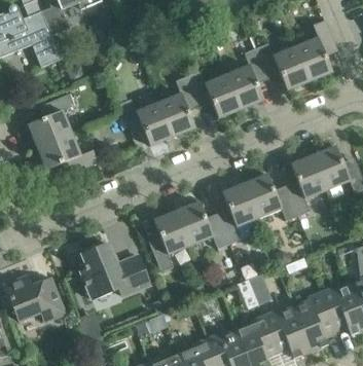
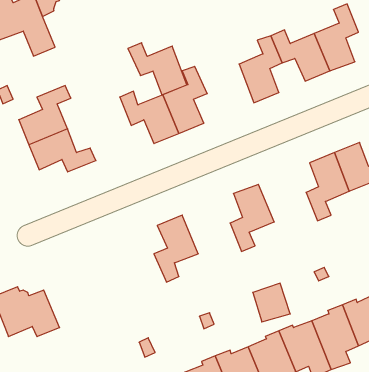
building: [187,71,241,118] -> [128,43,187,95]
building: [245,174,298,220] -> none
building: [176,202,229,249] -> none
building: [80,243,152,299] -> none

